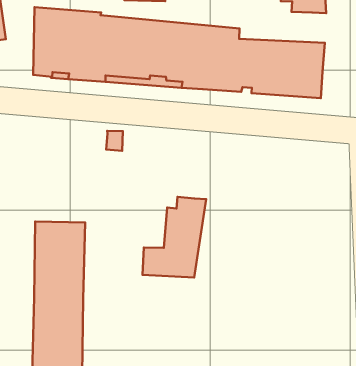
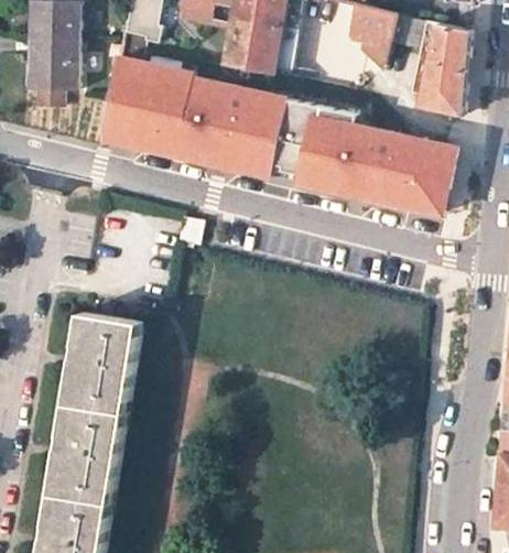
building: [143,197,206,277] -> none

